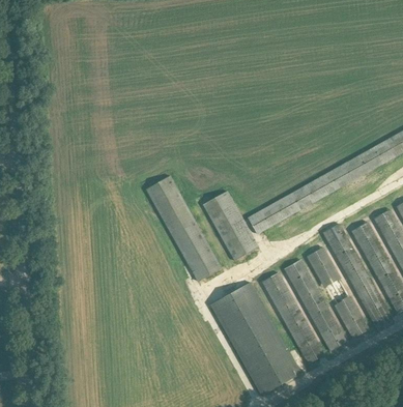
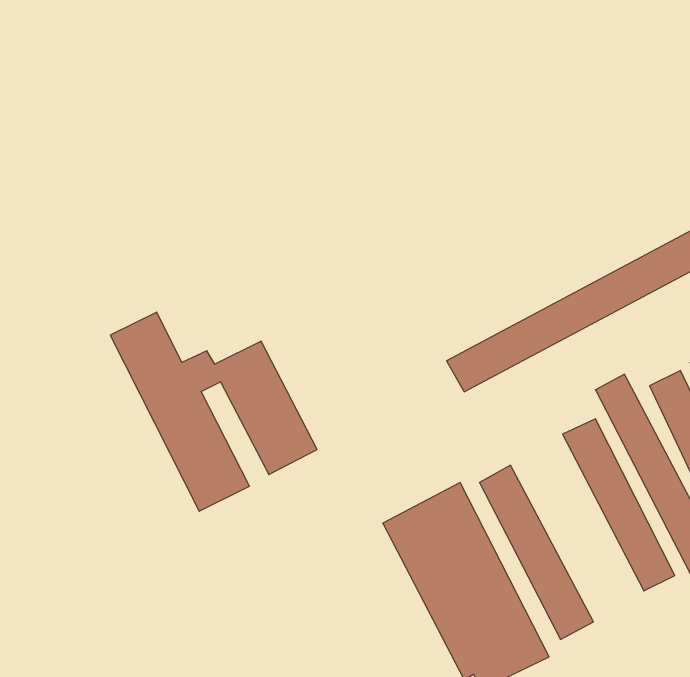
building: [146,175,257,282] -> [110,312,317,511]
building: [285,259,344,353] -> none

